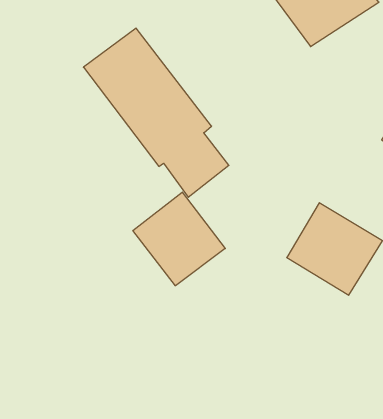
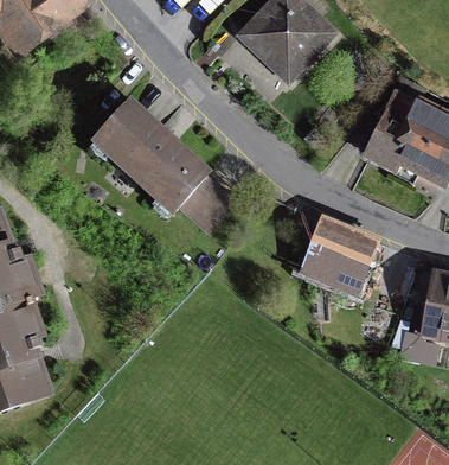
building: [133,192,225,286] -> none

